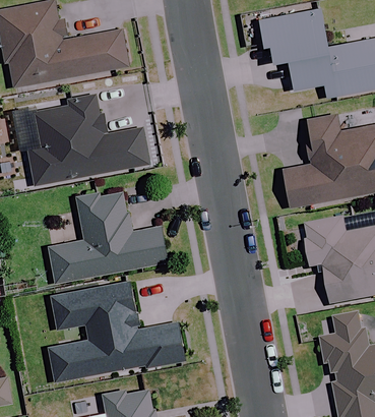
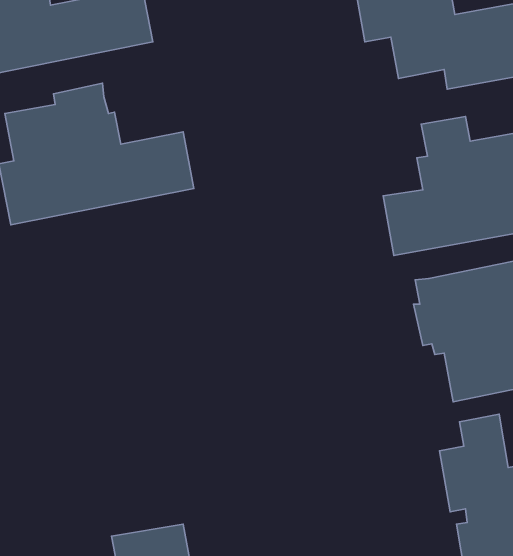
building: [49,190,171,282] -> none
building: [48,283,186,379] -> none

